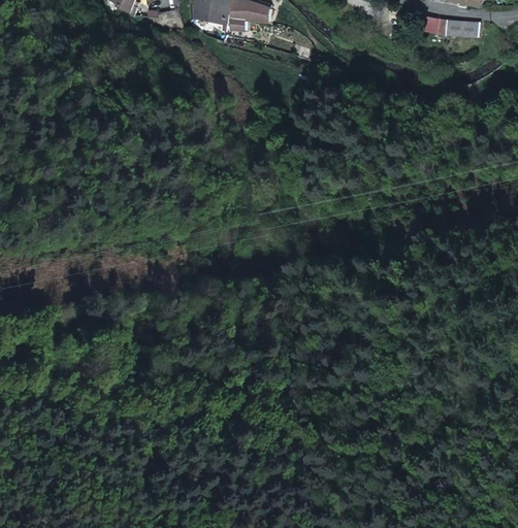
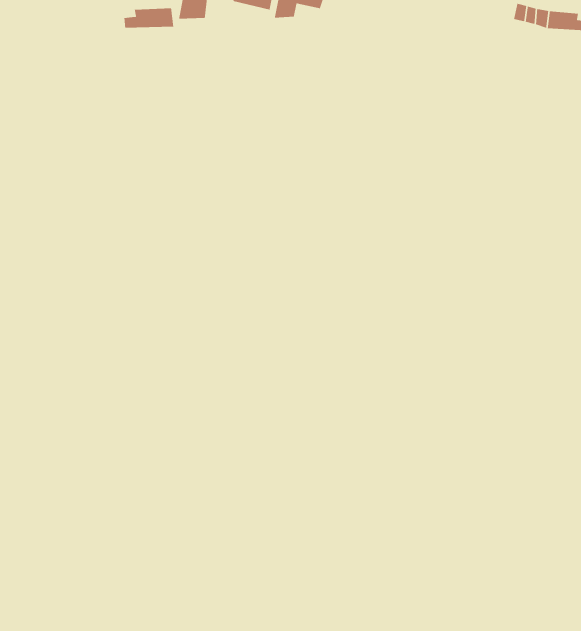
building: none -> [123,7,174,29]

